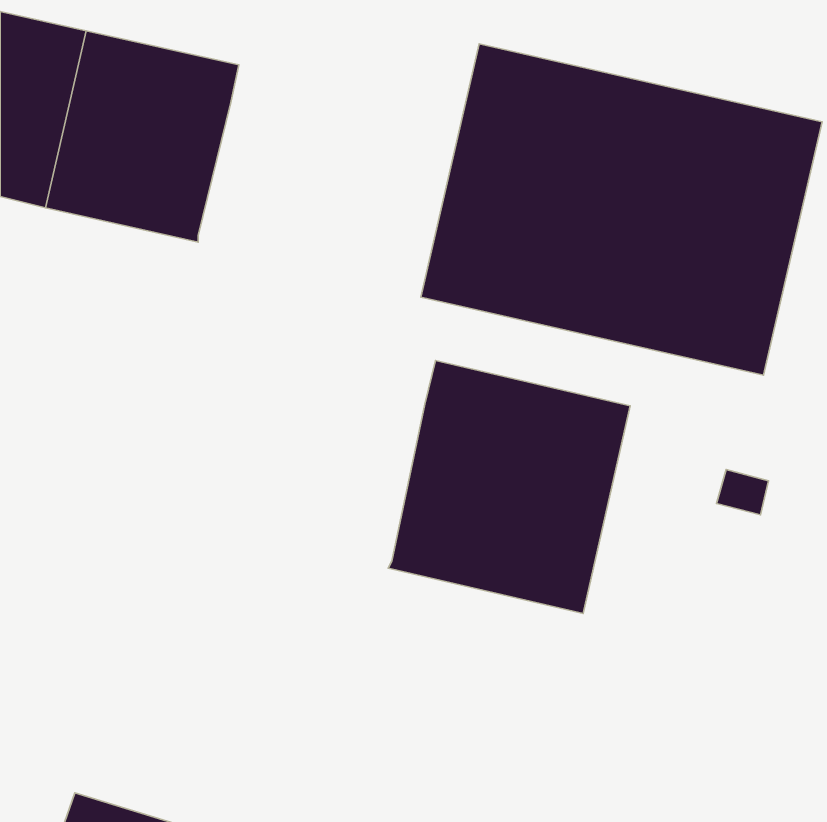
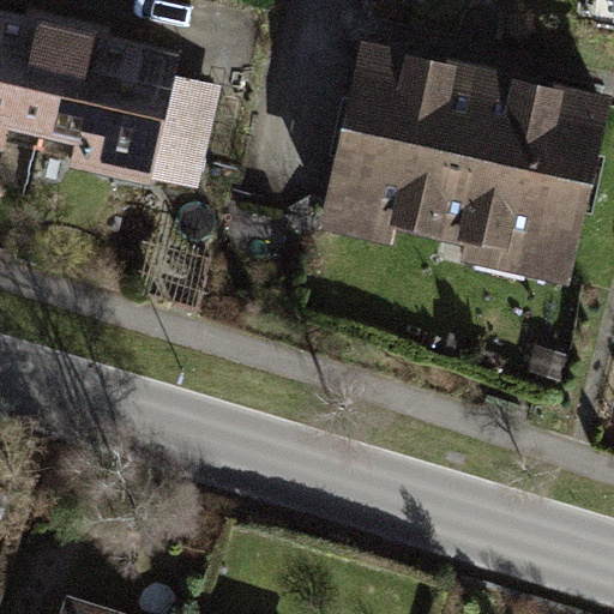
building: none -> [149,82,223,192]
building: [388,360,630,613] -> none

